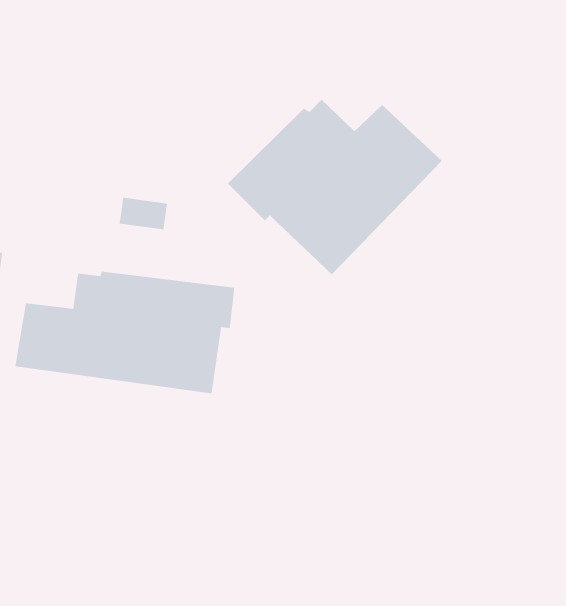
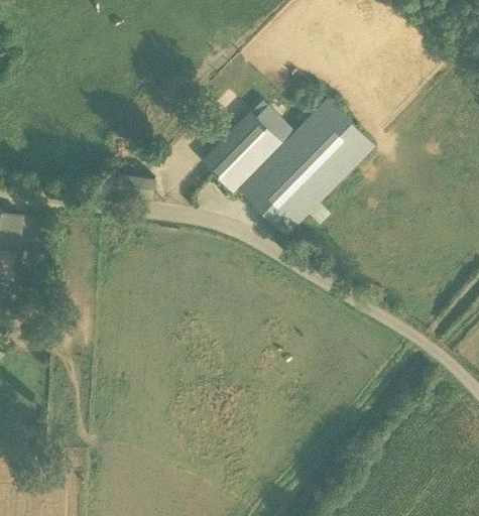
building: [15,271,235,394] -> none

